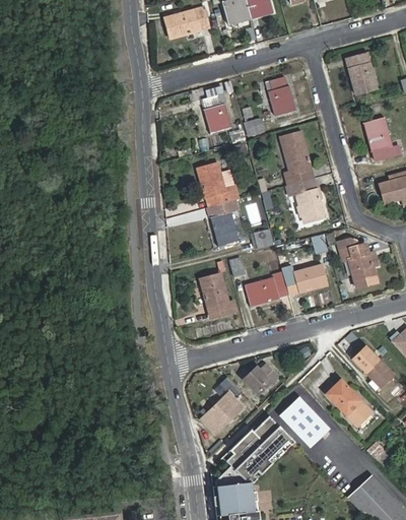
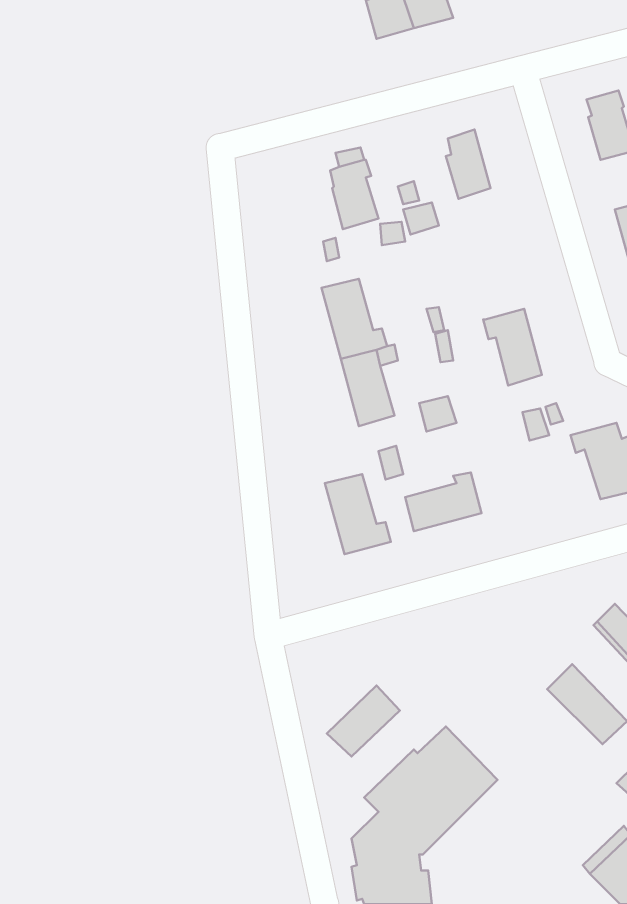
building: [164,6,210,39] -> none
building: [279,129,314,184] -> none
building: [282,263,329,295] -> none
building: [245,365,276,392] -> none
building: [278,397,329,448] -> none

